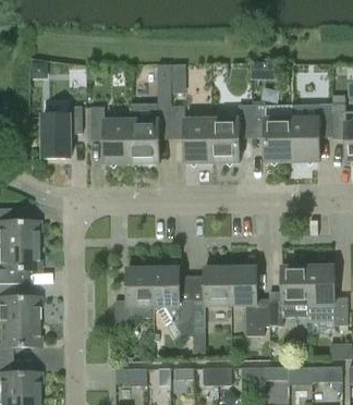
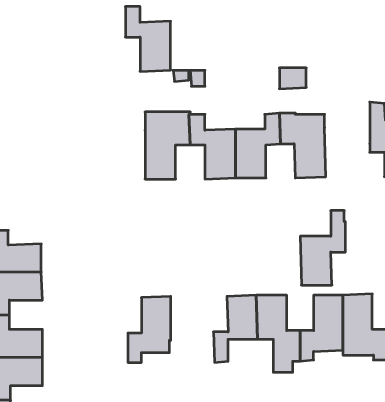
building: [291,95,331,161] -> [300,211,345,285]
building: [41,107,82,158] -> none
building: [90,107,131,164] -> [125,7,171,71]
building: [154,262,193,341] -> none

